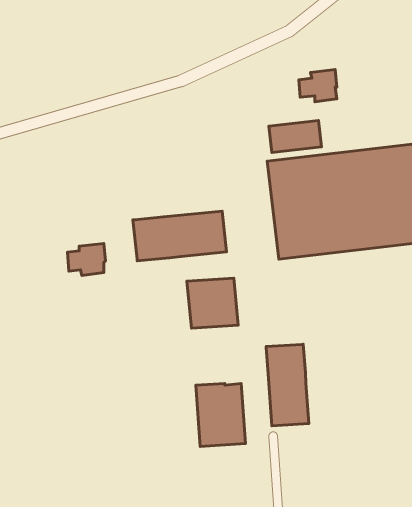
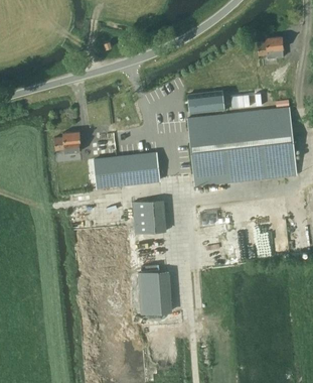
building: [299,70,337,102] -> [257,36,283,58]
building: [67,243,105,276] -> [54,131,81,153]
building: [266,344,309,426] -> none

